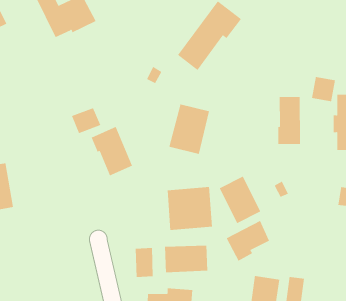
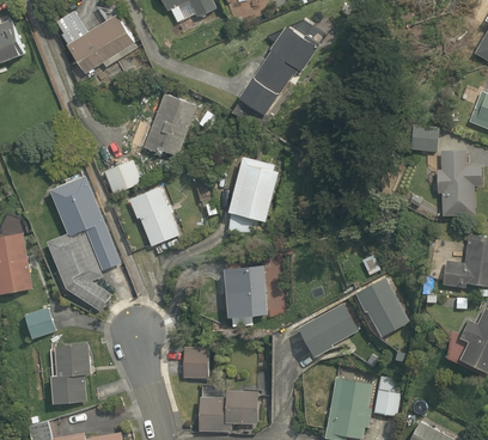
building: none -> [144,92,196,154]
building: [278,96,301,145] -> none
building: none -> [45,175,123,313]
building: [219,176,261,224] -> [355,279,409,340]
building: none -> [26,308,57,338]
building: [165,245,208,273] -> none
building: none -> [53,346,89,402]

